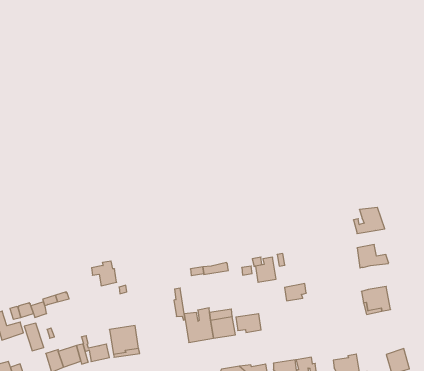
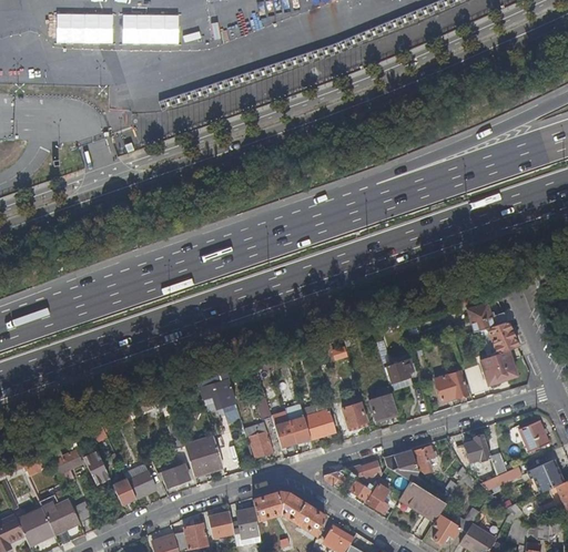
building: [353,207,385,234] -> [480,321,519,356]
building: [255,257,276,282] -> [369,387,396,419]
building: [92,261,117,286] -> [203,377,235,408]
building: none -> [435,371,467,401]
building: none -> [244,422,274,457]

